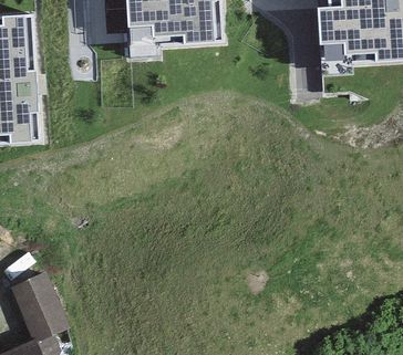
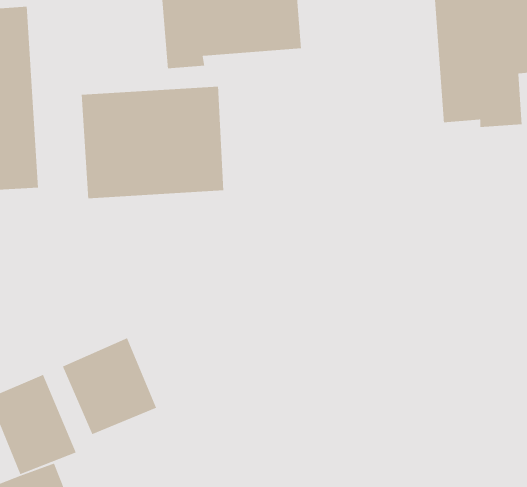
building: none -> [81,86,224,199]
building: none -> [62,337,157,435]

